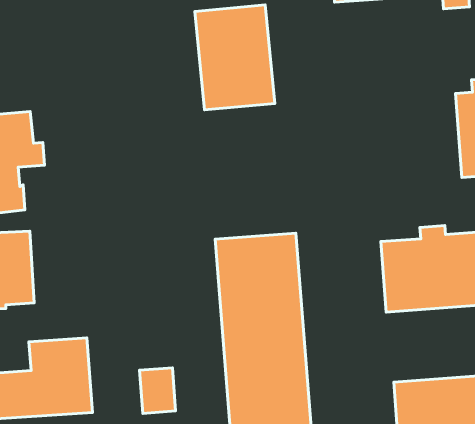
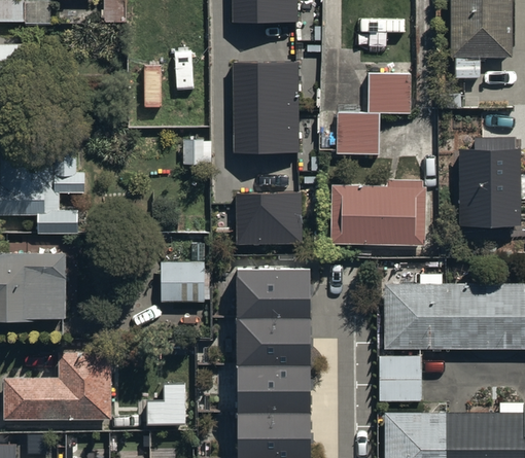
building: none -> [338,78,412,161]
building: none -> [330,179,424,245]
building: none -> [236,196,300,246]
building: none -> [161,260,212,302]
building: none -> [379,355,421,401]

